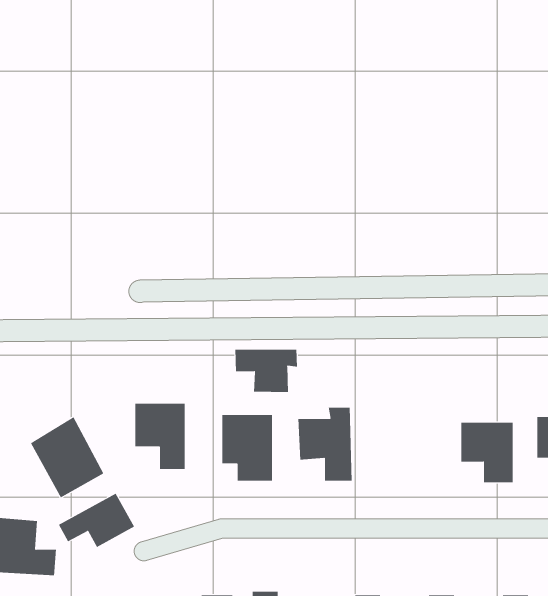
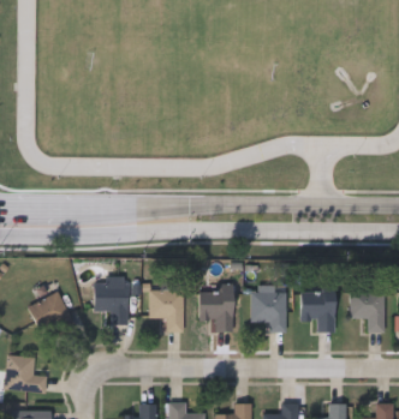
building: [235,349,297,393] -> none
building: none -> [252,293,287,333]
building: [58,493,135,548] -> none

